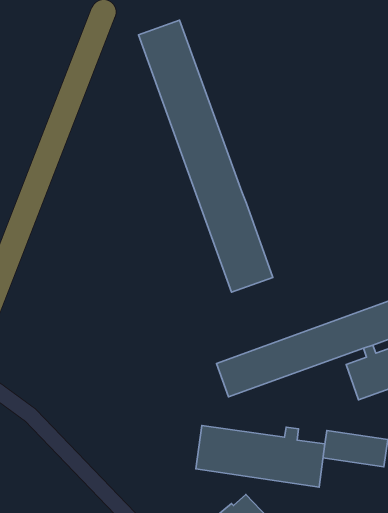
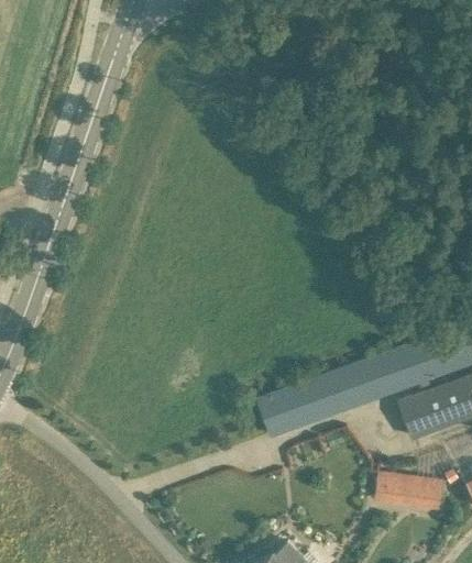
building: [138,20,273,292] -> none
building: [196,425,325,487] -> none

